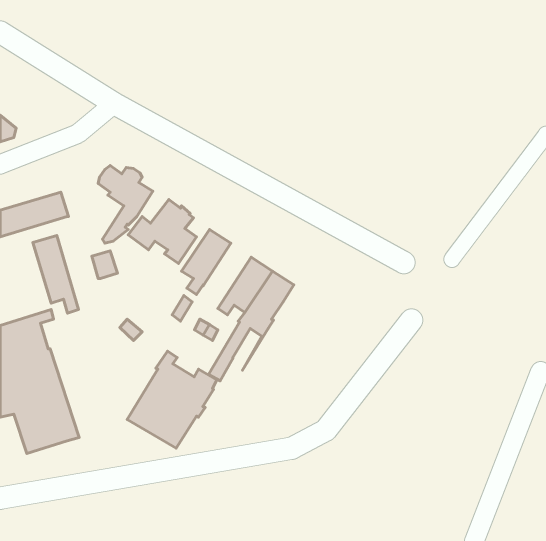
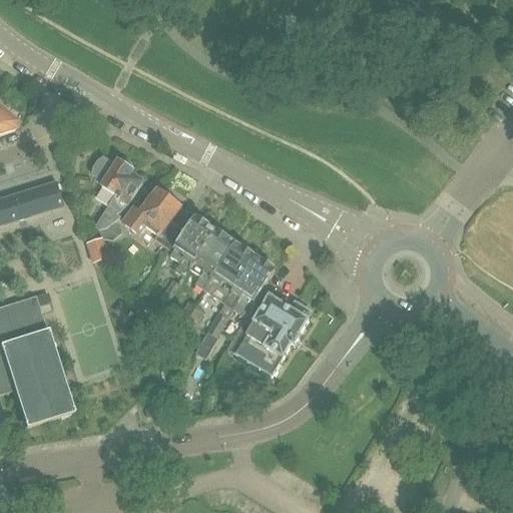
building: [33,235,79,313] -> none
building: none -> [190,228,235,290]
building: [127,351,217,448] -> [227,284,312,375]

